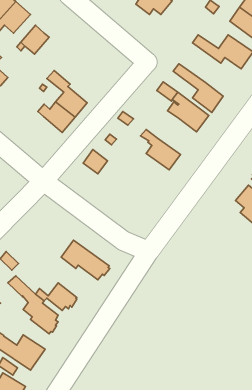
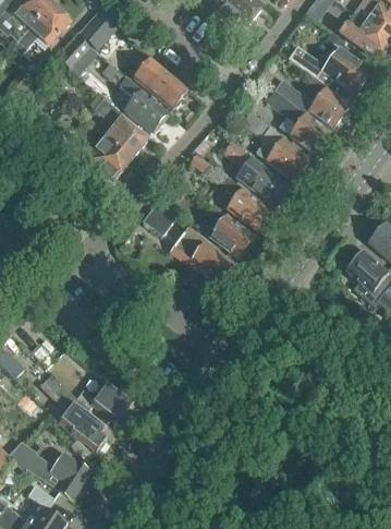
building: none -> [78,14,113,49]
building: none -> [135,59,188,109]
building: none -> [100,61,168,132]
building: none -> [272,76,349,128]
building: none -> [224,142,290,206]
building: none -> [206,203,254,255]
building: [61,240,110,280] -> [169,228,234,281]

